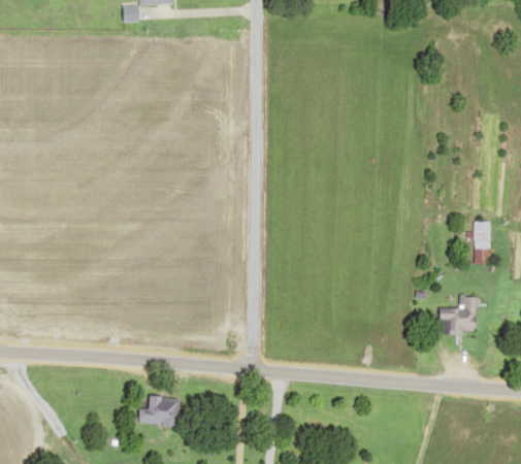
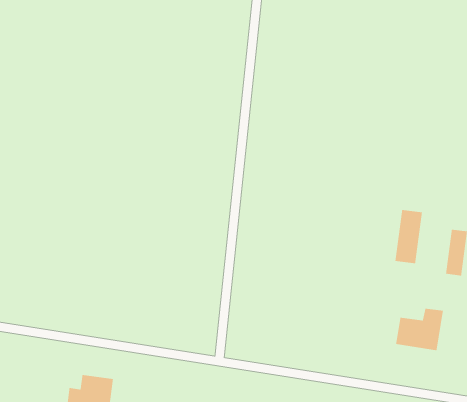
building: none -> [394,209,423,264]

